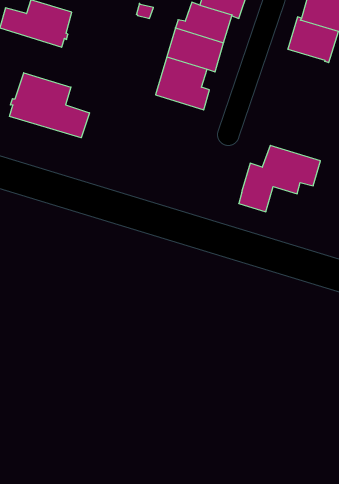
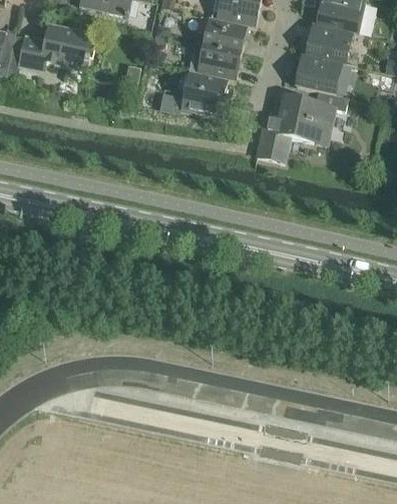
building: none -> [294,52,342,93]
building: [10,73,89,138] -> none
building: [239,145,320,212] -> [258,94,334,159]

